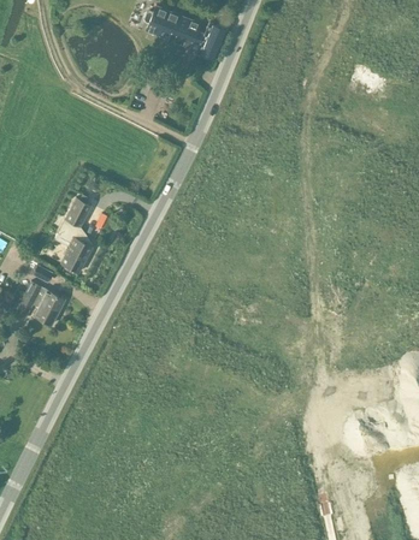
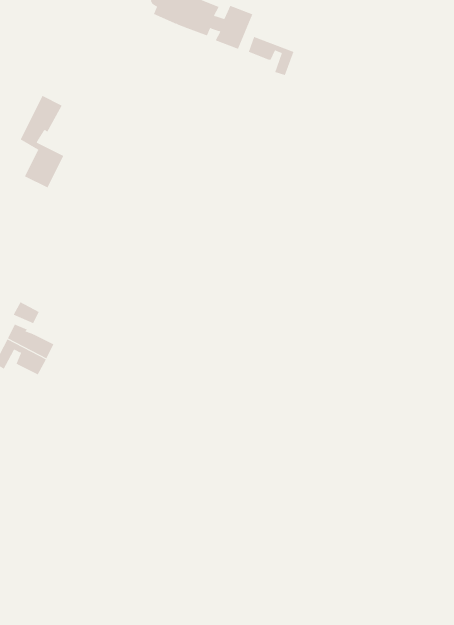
building: none -> [248,36,294,76]
building: [57,196,93,272] -> [20,95,64,188]

